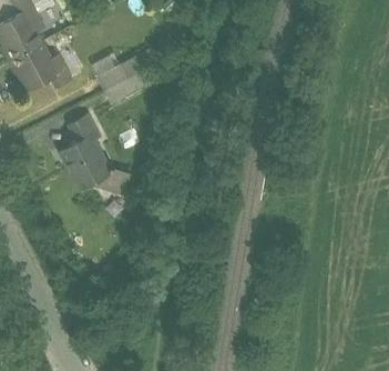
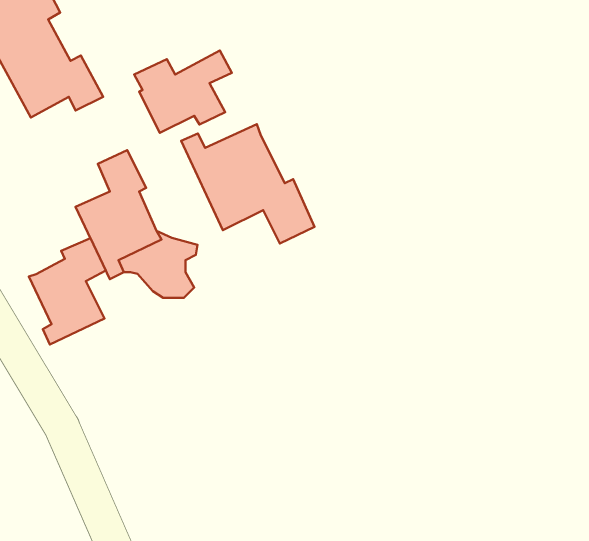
building: none -> [181,124,314,243]
building: none -> [29,238,106,345]

